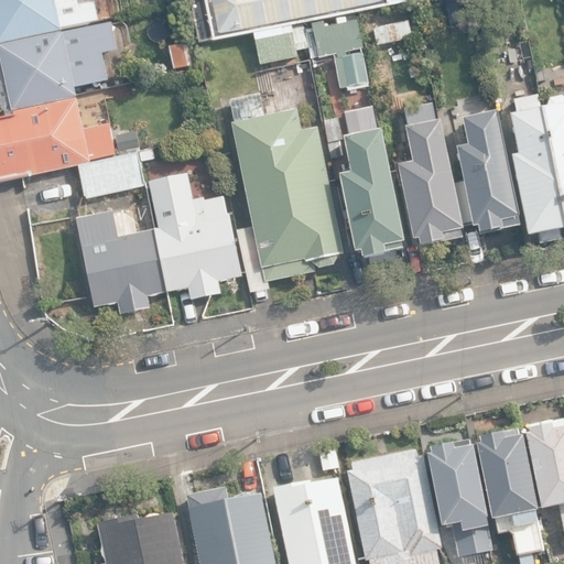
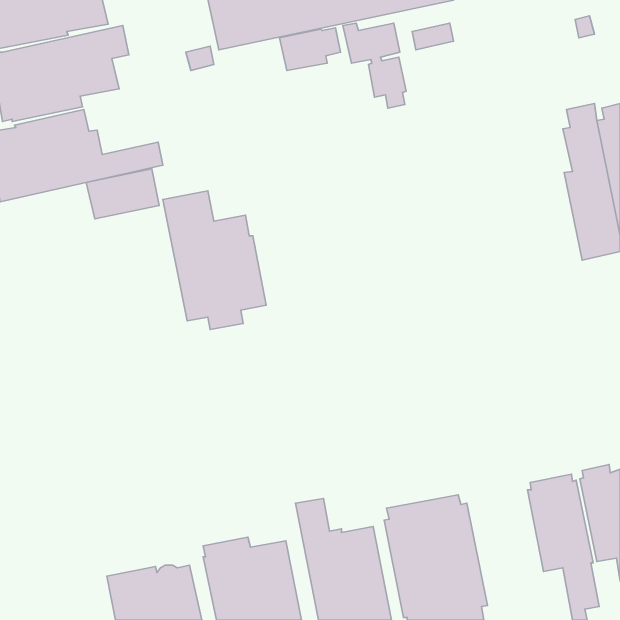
building: [229,93,344,292] -> none
building: [457,112,520,234] -> none
building: [338,115,404,259] -> none
building: [399,121,463,246] -> none
building: [74,209,167,315] -> none
building: [429,440,492,556] -> none

